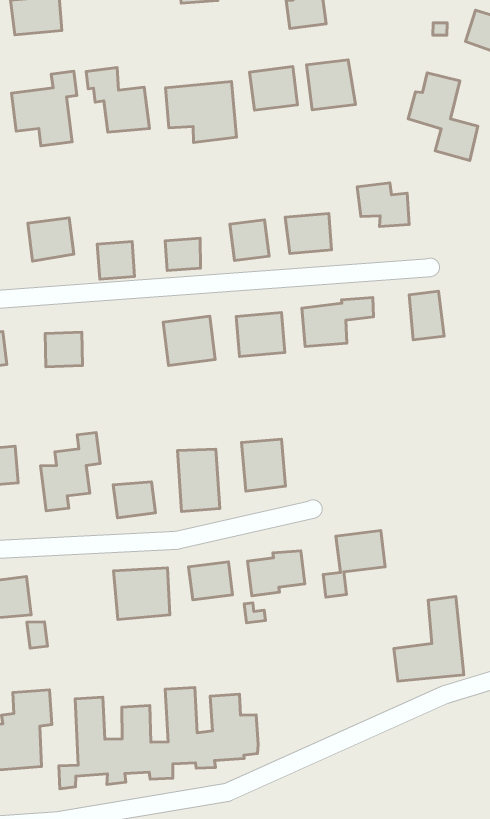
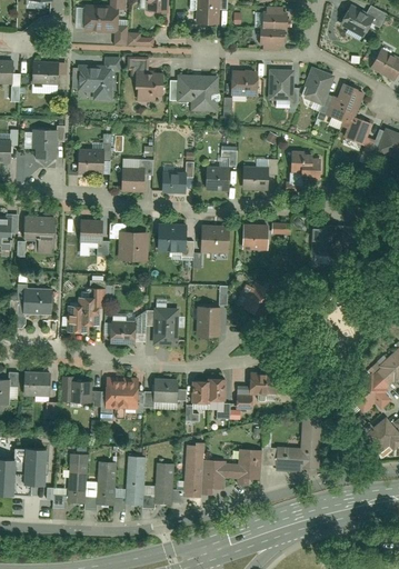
building: none -> [305,69,333,104]
building: none -> [119,230,141,259]
building: none -> [238,281,267,313]
building: none -> [61,375,83,401]
building: none -> [183,440,262,498]

